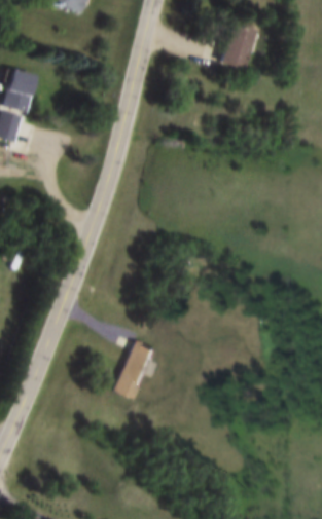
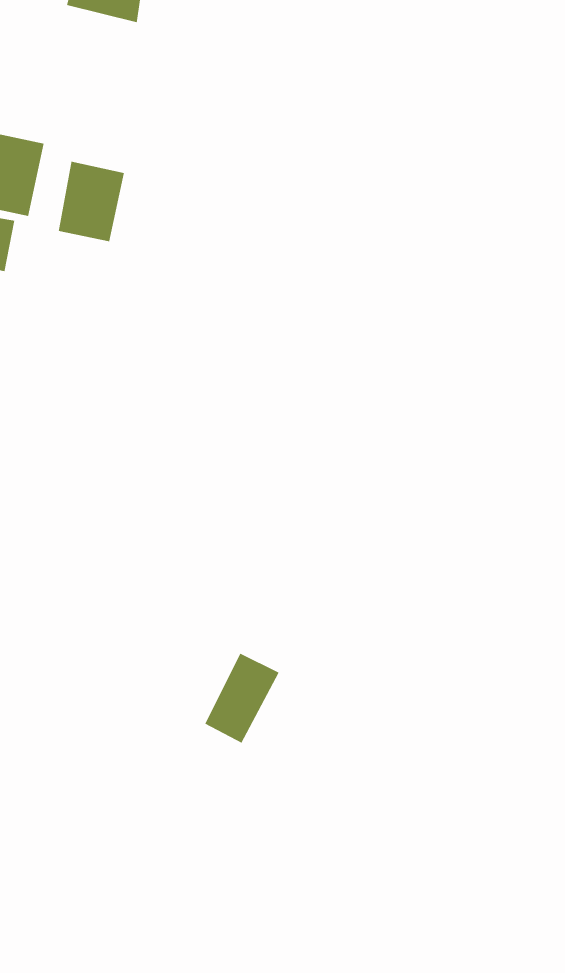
building: [218,23,250,68] -> none
building: none -> [58,161,125,242]

